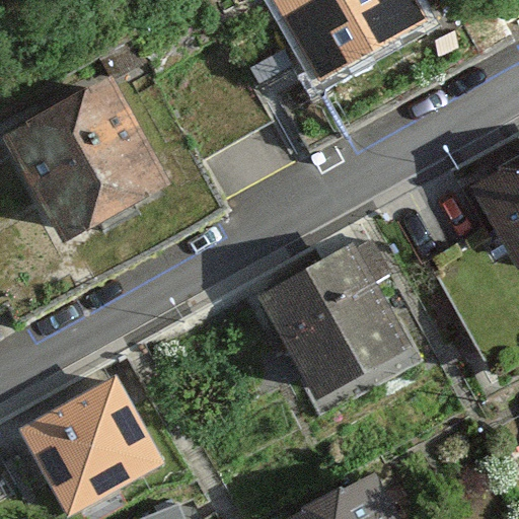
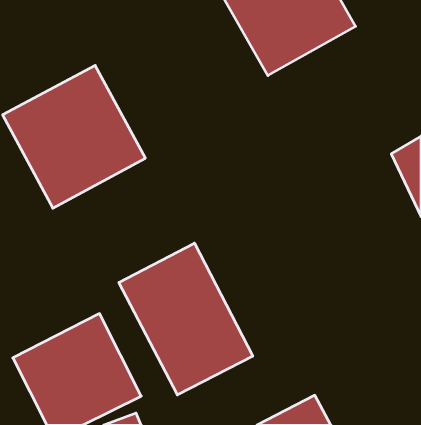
building: [254,239,420,404] -> none
building: none -> [119,243,253,395]

